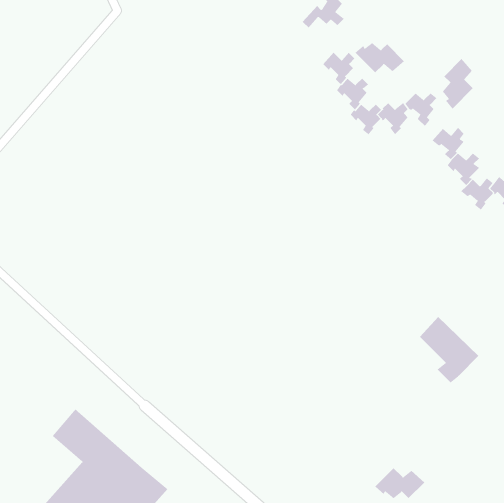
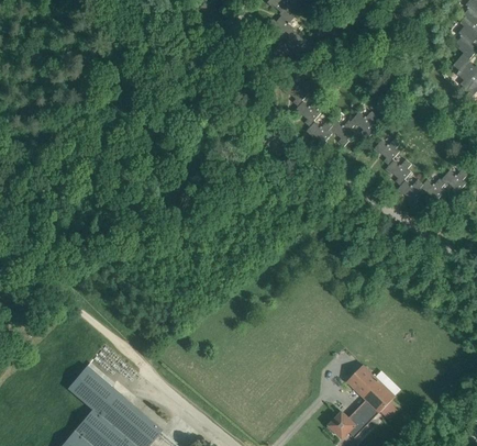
building: [354,42,405,73] -> none
building: [442,58,474,109] -> none
building: [419,316,479,383] -> [347,366,396,420]

